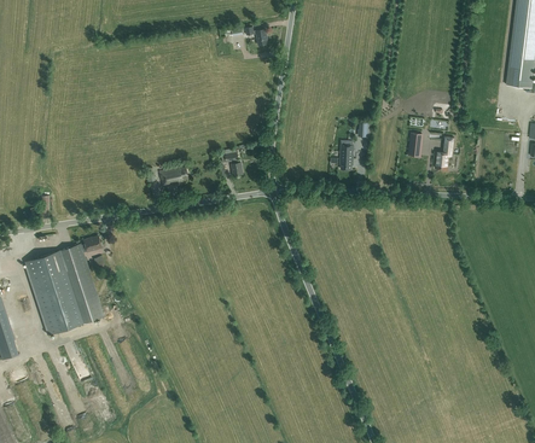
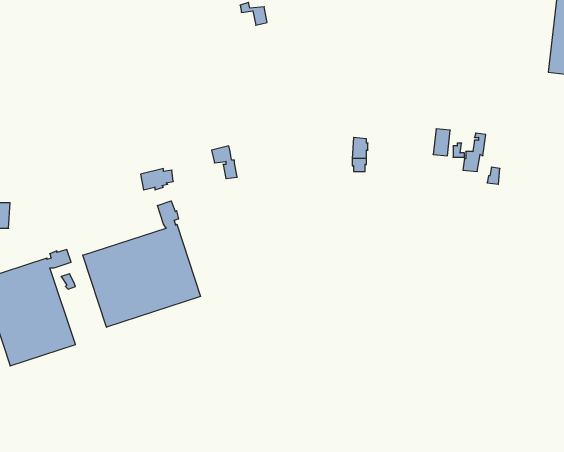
building: none -> [83,201,201,327]

